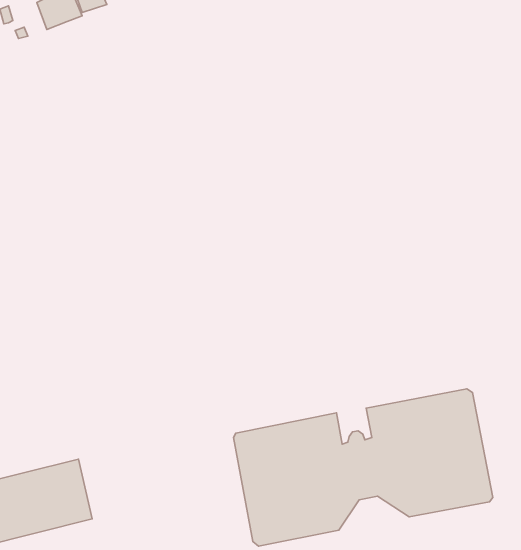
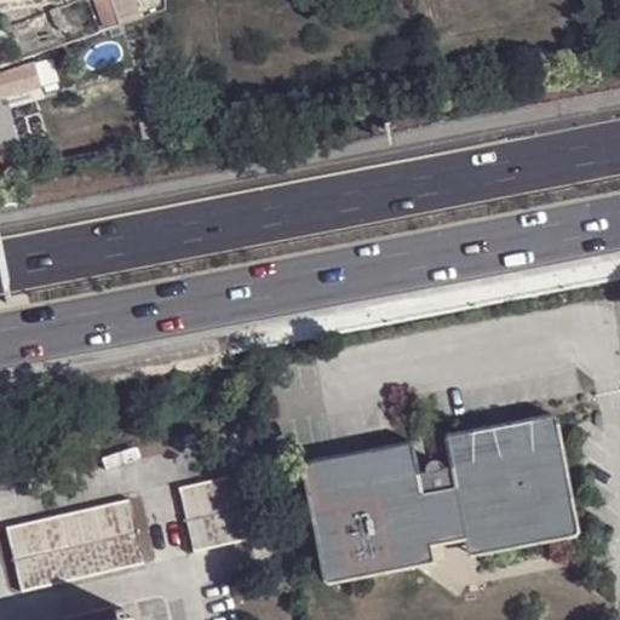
building: none -> [184,470,252,545]

